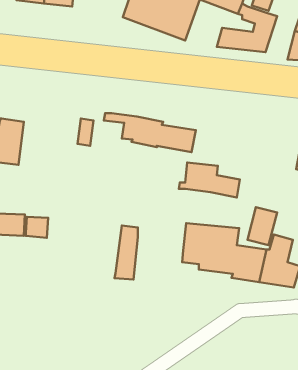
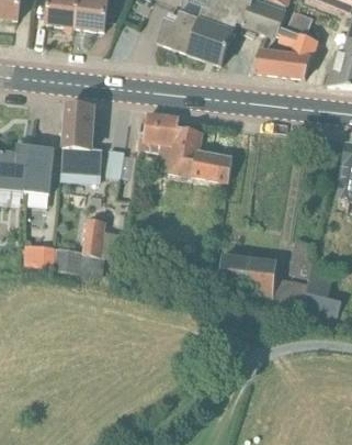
building: none -> [63,104,104,170]
building: [179,163,240,197] -> [138,112,202,148]
building: [114,226,138,279] -> [79,216,103,272]

